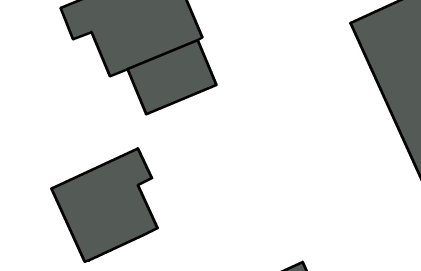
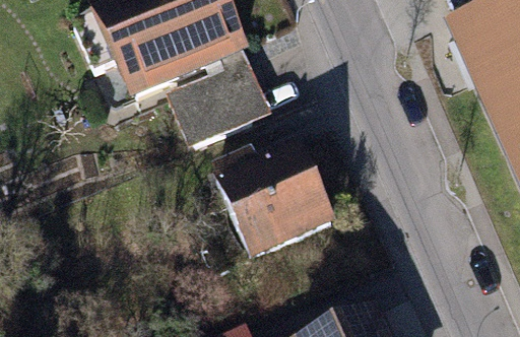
building: none -> [217,145,340,255]
building: [51,148,158,262] -> none

